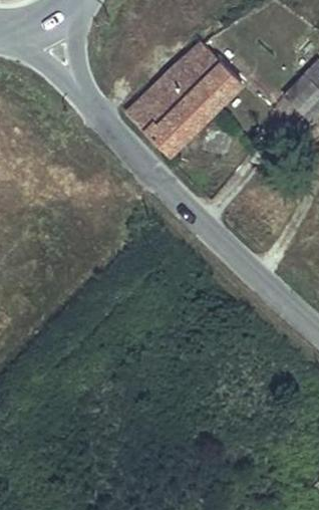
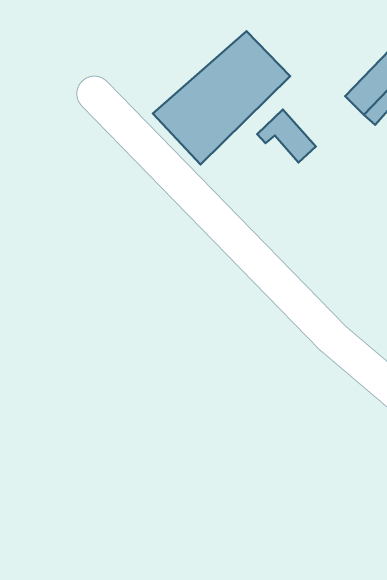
building: none -> [257,110,316,162]

